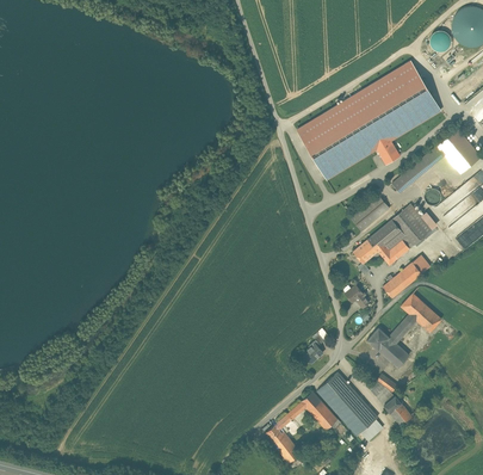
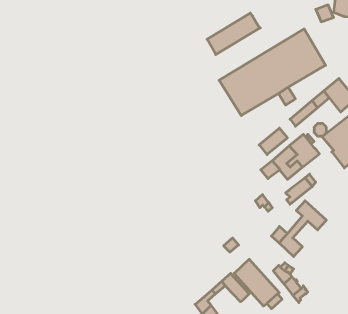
building: none -> [207,13,260,55]

